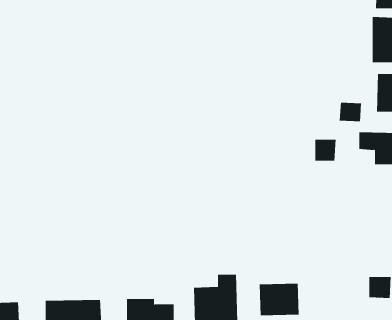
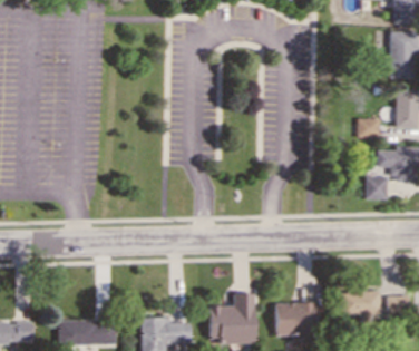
building: [314,139,336,161] -> [367,176,389,198]
building: none -> [341,290,381,319]

